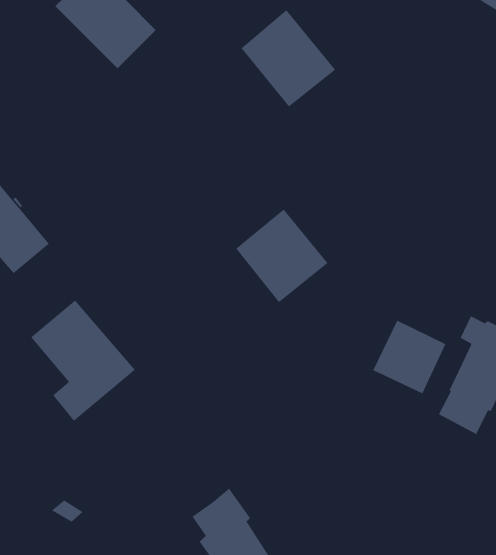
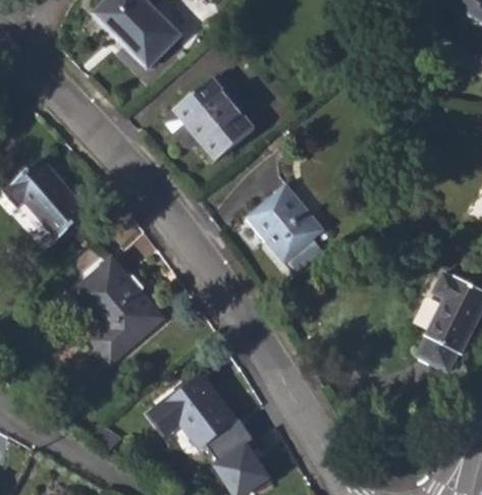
building: [240,9,336,108] -> [173,77,254,160]
building: [372,320,447,395] -> none
building: none -> [148,372,239,449]

